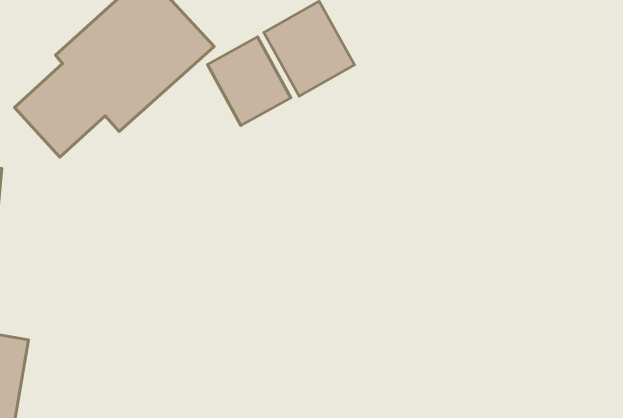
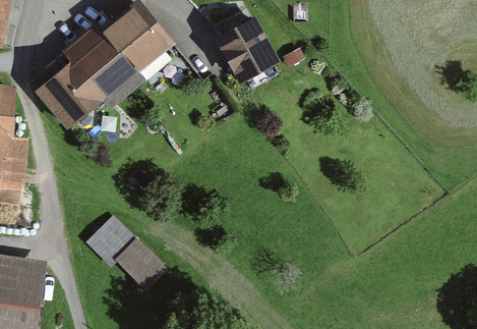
building: [207,37,291,126] -> none
building: none -> [88,214,167,290]

